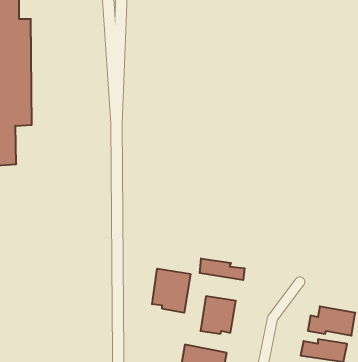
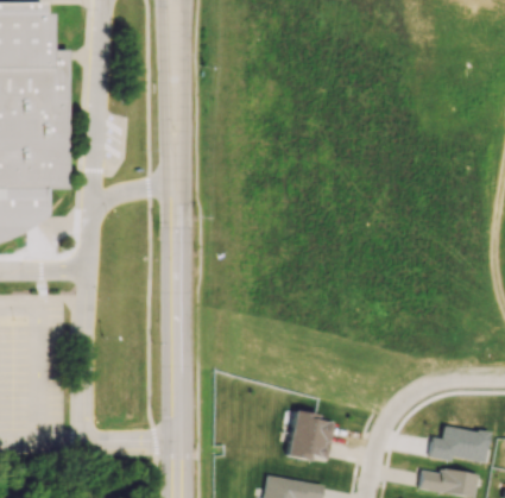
building: [200,258,245,280] -> none
building: [152,269,190,313] -> none

